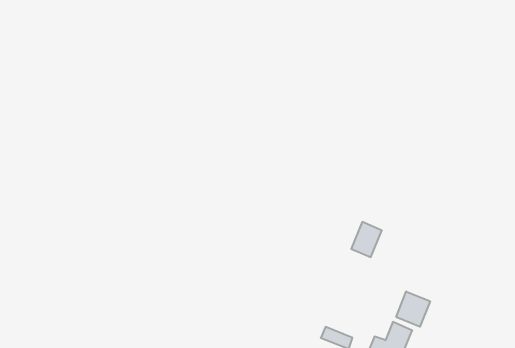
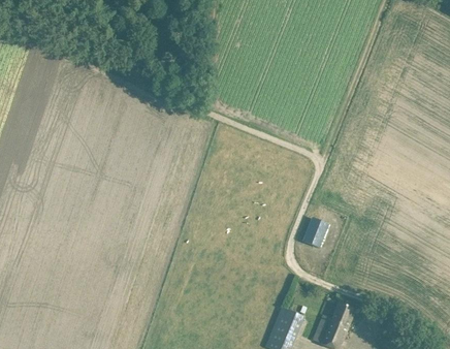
building: [396,291,430,327] -> none

